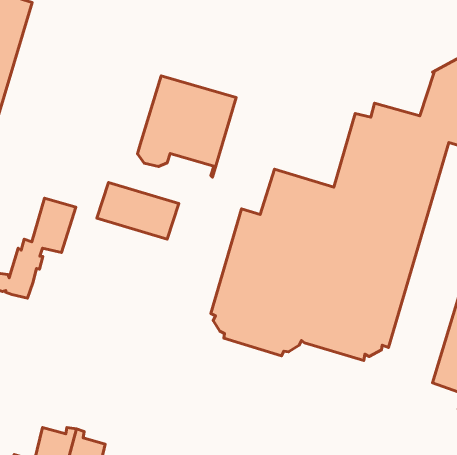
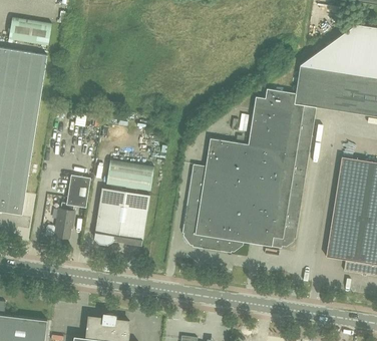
building: [137,76,236,177] -> [94,188,150,246]

